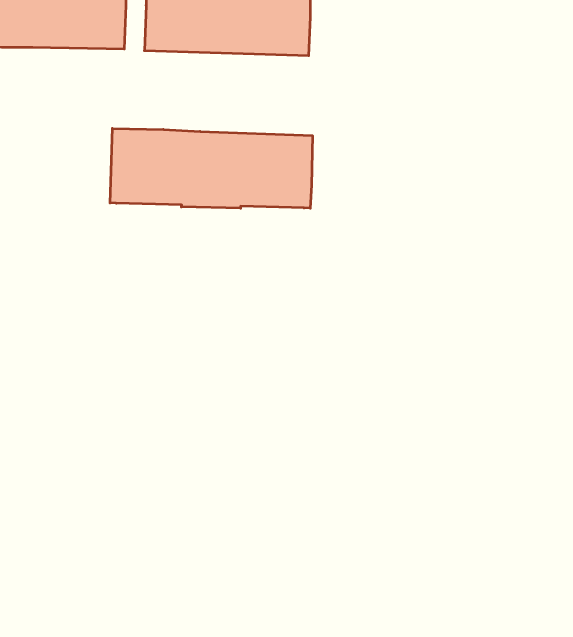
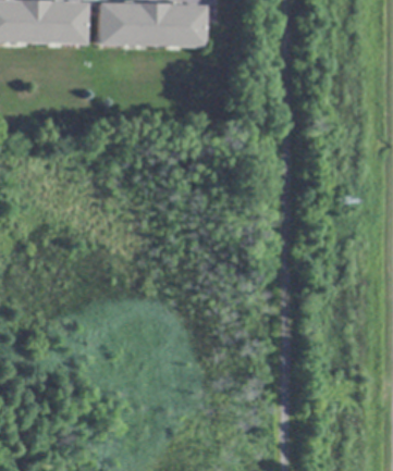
building: [110,128,312,208] -> none

